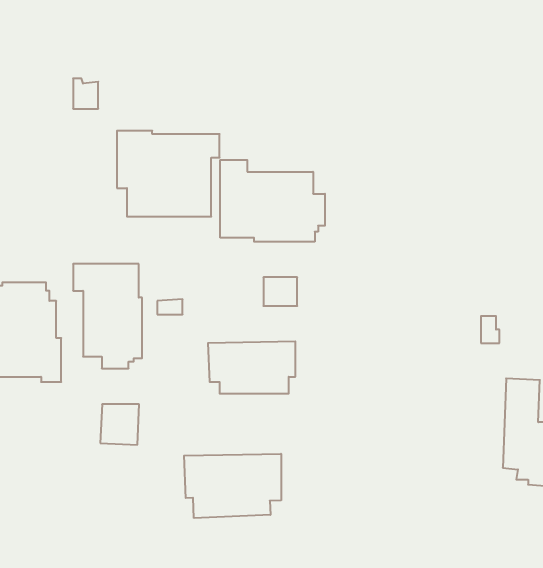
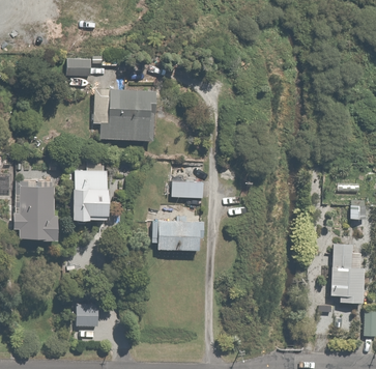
building: [220,160,325,242] -> none
building: [100,404,139,445] -> [76,301,99,325]
building: [184,454,281,518] -> none

